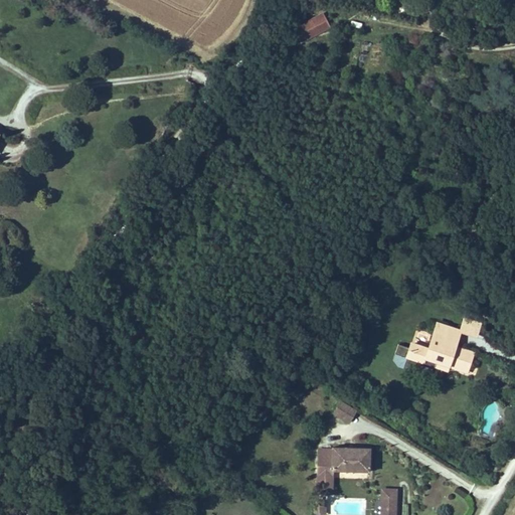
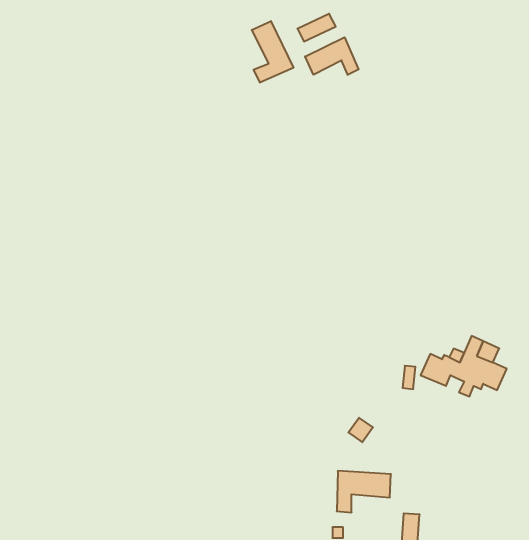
building: none -> [252,21,293,83]
building: none -> [305,37,359,75]

